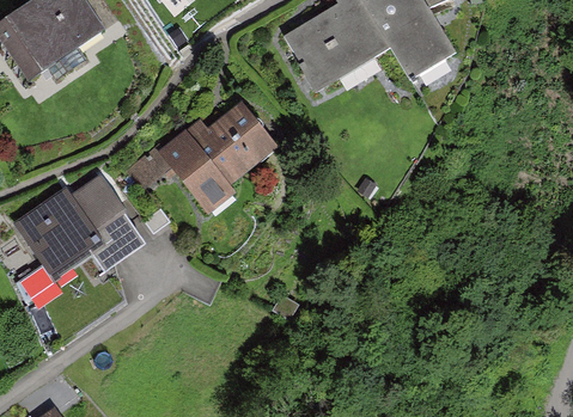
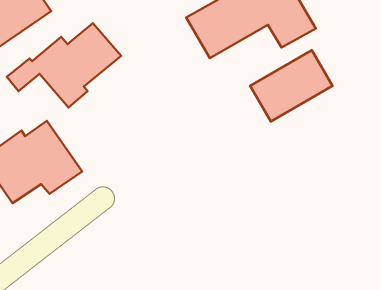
building: none -> [250,50,332,122]
building: [128,100,279,211] -> [7,23,121,107]

